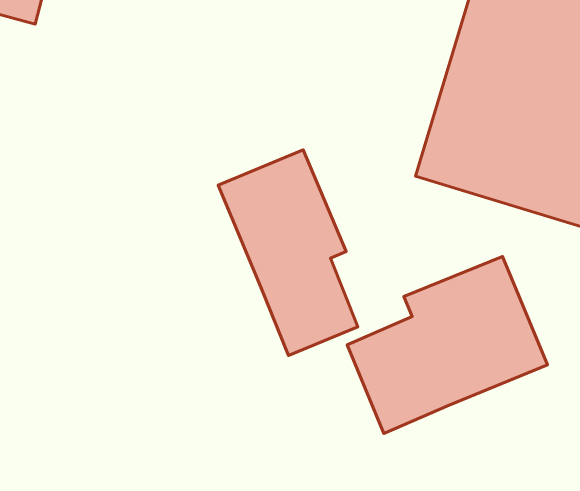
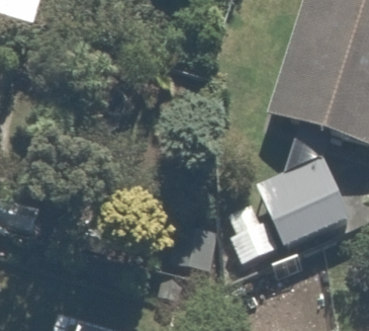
building: [218,150,358,356] -> none

